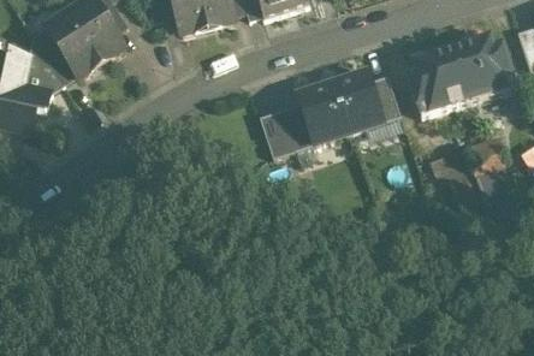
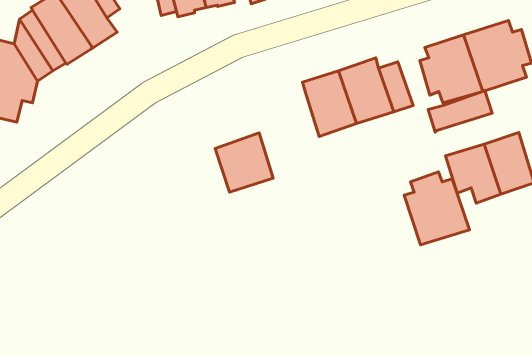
building: none -> [428,91,492,132]
building: [261,101,315,156] -> [215,133,273,192]
building: none -> [404,172,469,245]

